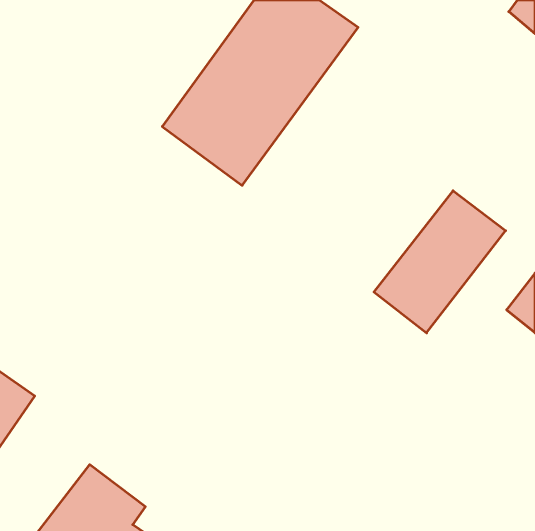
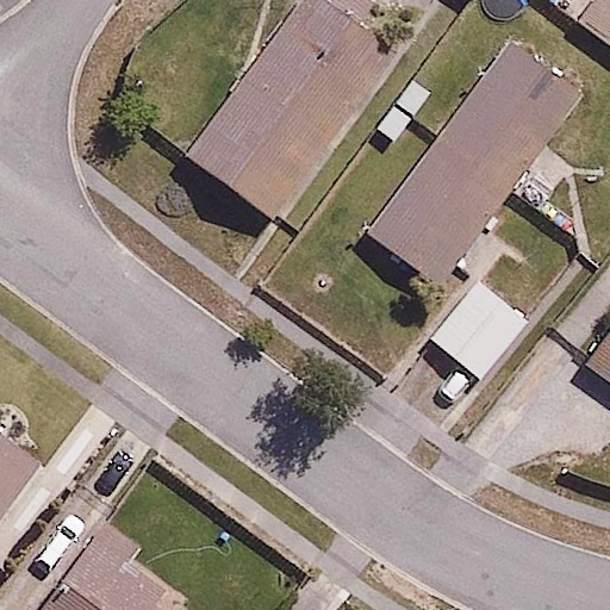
building: none -> [368,44,584,287]

